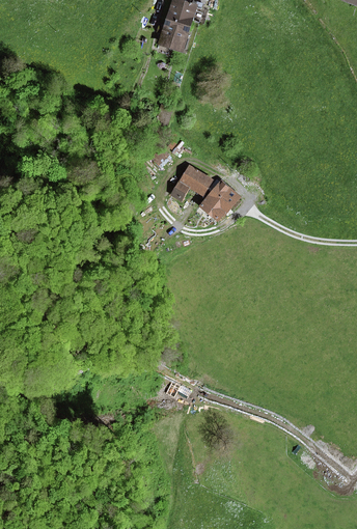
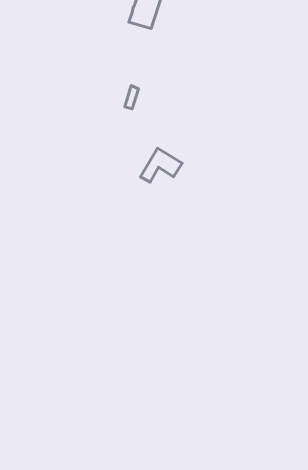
building: [199,180,237,212] -> none

